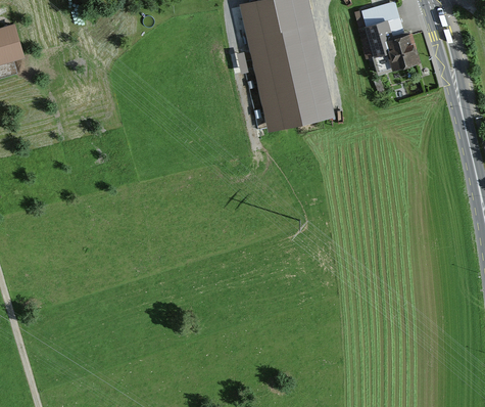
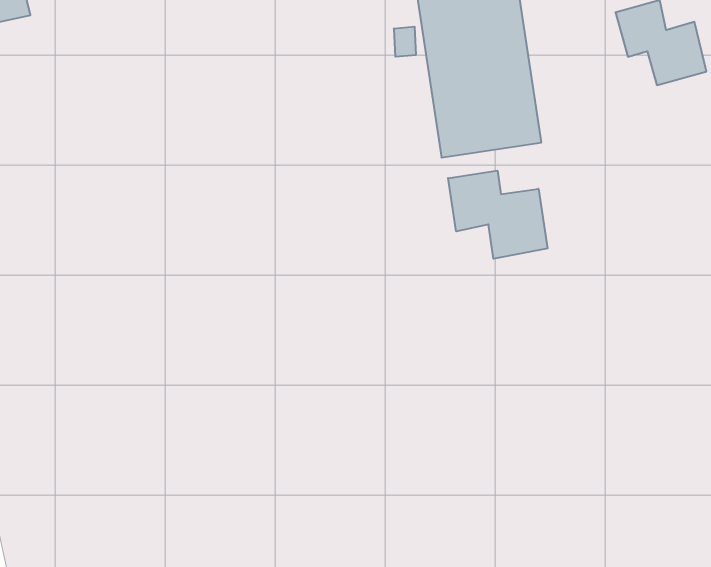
building: none -> [448,171,548,259]

